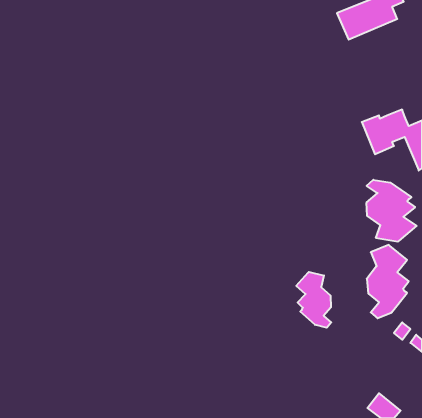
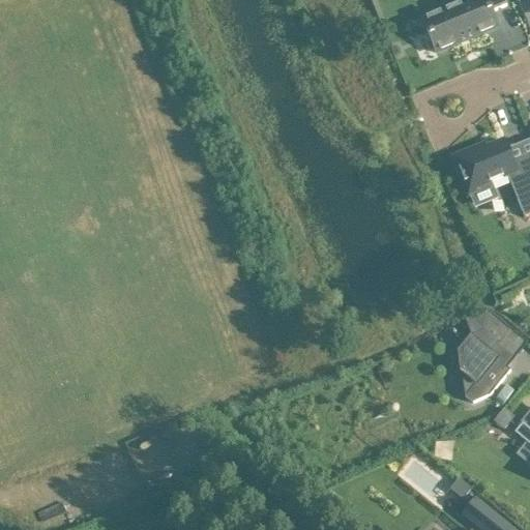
building: [367,180,417,242] -> none
building: [296,272,331,328] -> none

